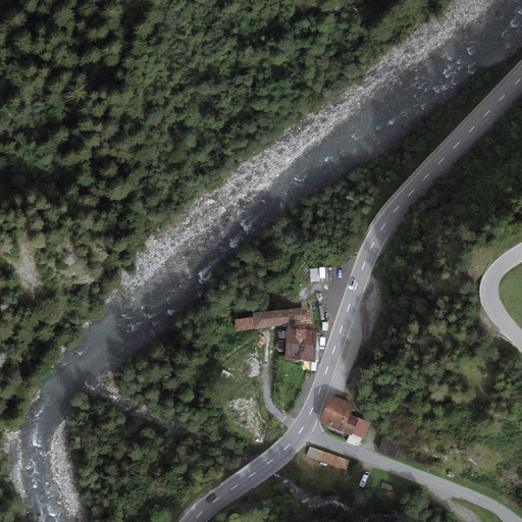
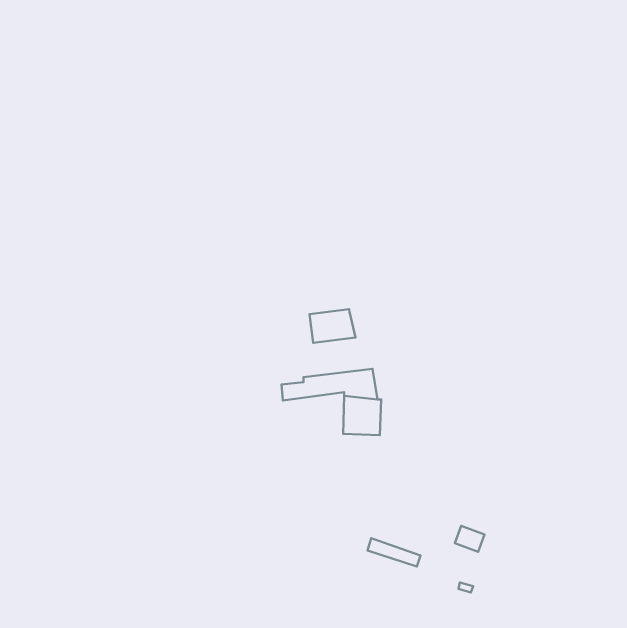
building: none -> [309,309,356,343]
building: [318,395,369,438] -> none

